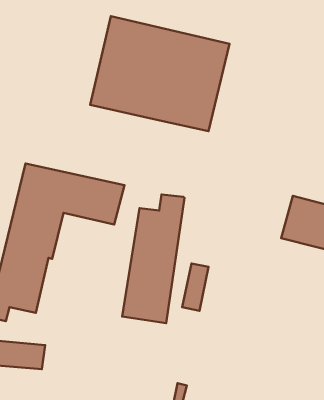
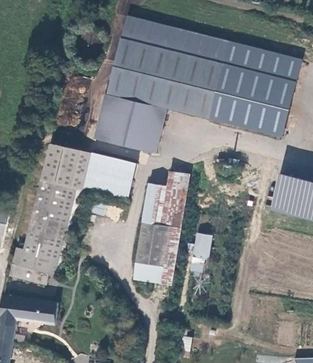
building: none -> [208,40,301,134]
building: none -> [94,93,163,152]

